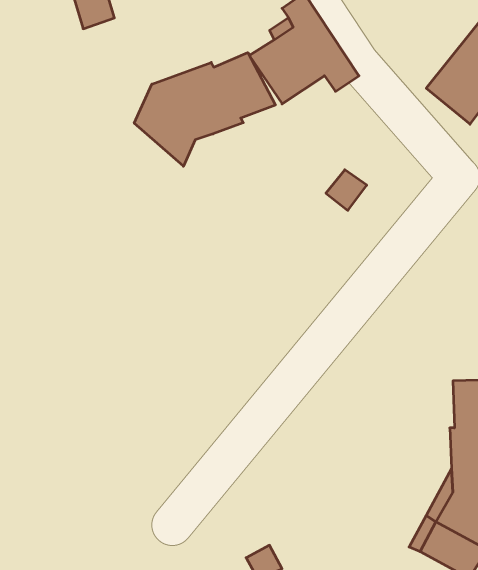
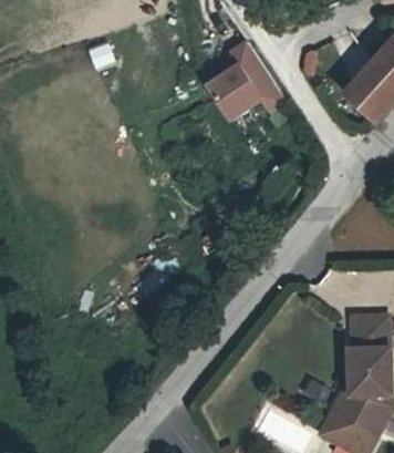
building: [134,53,275,166] -> none

